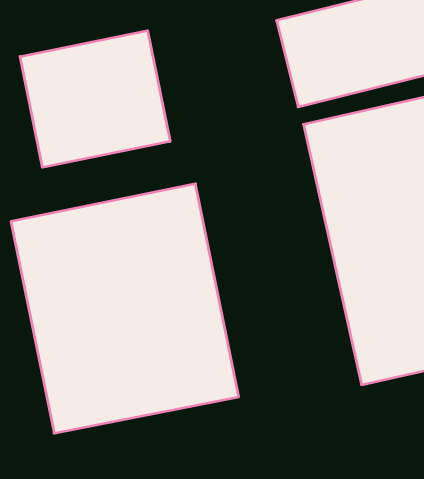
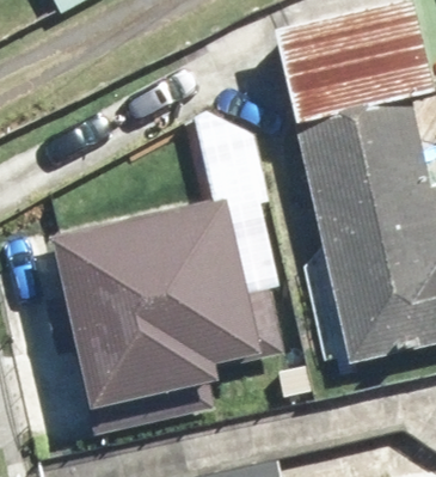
building: [20,31,170,167] -> none

